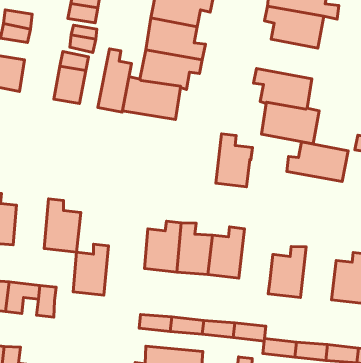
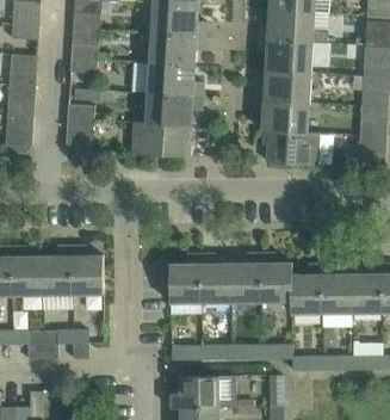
building: [98,49,131,112] -> none
building: [216,134,252,187] -> [260,254,291,302]
building: [287,142,348,181] -> [254,70,310,104]
building: [73,244,108,295] -> [41,247,72,295]
building: none -> [321,265,351,314]

